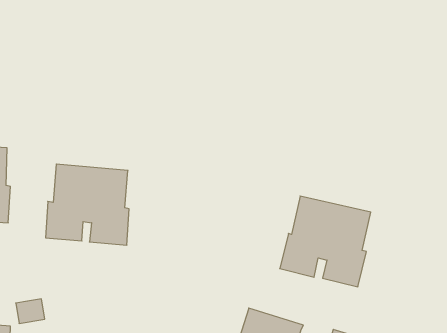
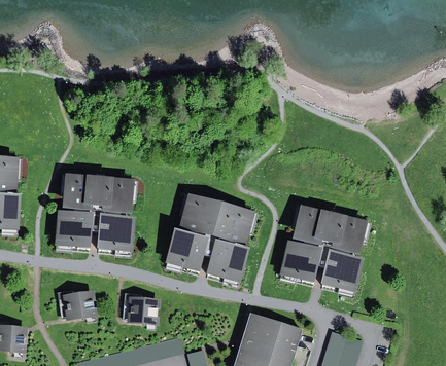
building: none -> [165,193,254,281]
building: none -> [127,295,160,325]
building: [16,299,45,323] -> [64,293,92,317]

